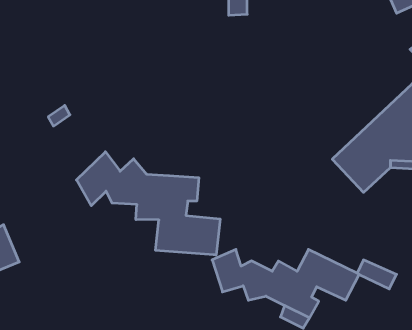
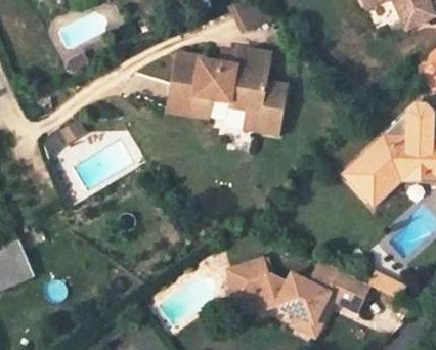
building: none -> [165,49,287,134]
building: [76,152,220,255] -> none

